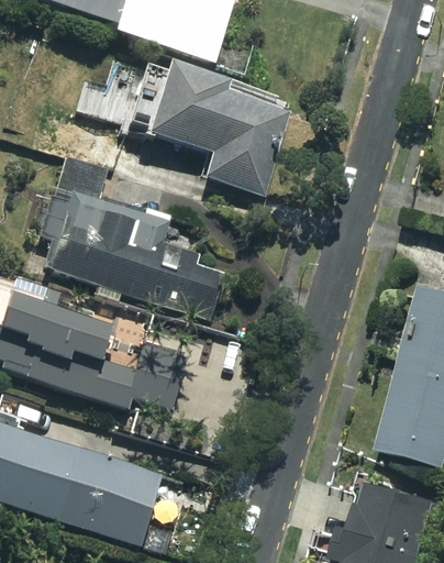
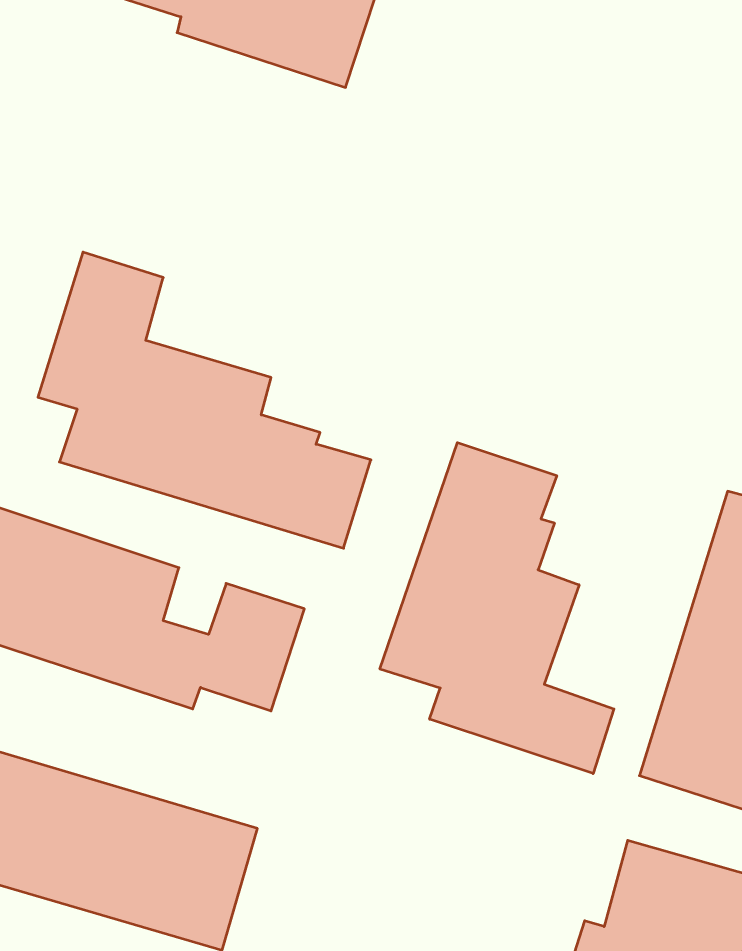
building: [148,59,287,190] -> none
building: none -> [380,443,614,774]

